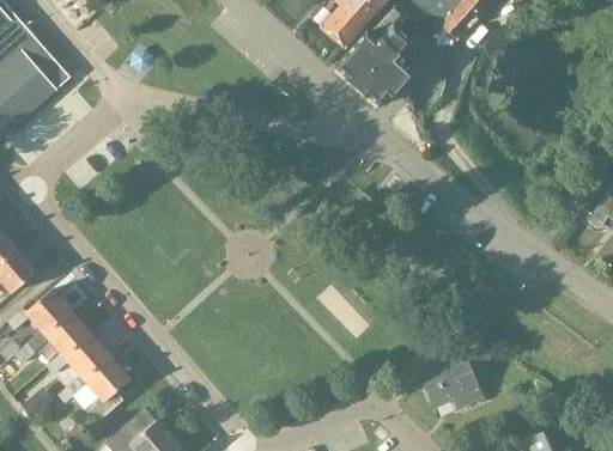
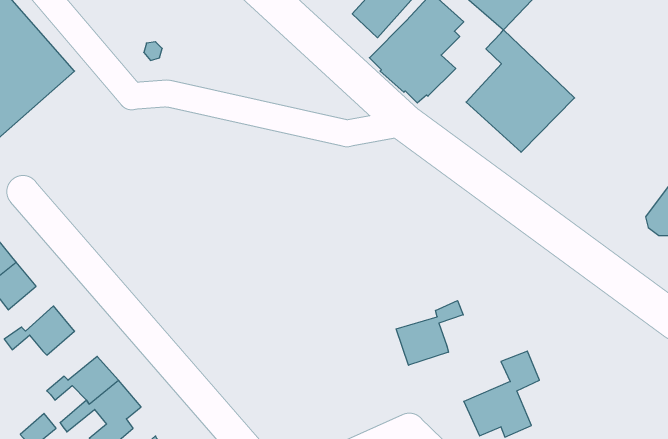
building: none -> [466,30,575,152]
building: none -> [396,301,463,365]
building: [26,312,91,356] -> none

